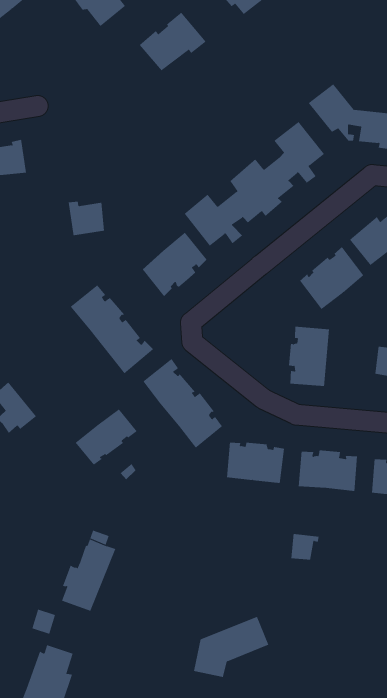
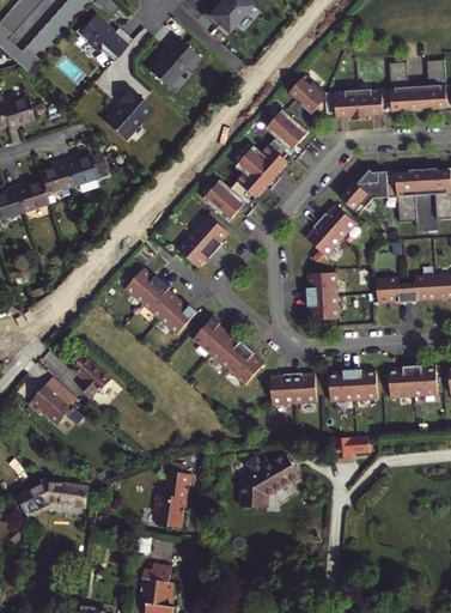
building: none -> [103,87,151,139]
building: [68,201,105,236] -> [63,156,97,187]
building: [75,409,137,466] -> none
building: [193,616,269,678] -> [242,456,299,510]

